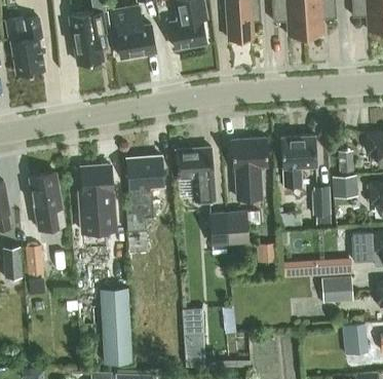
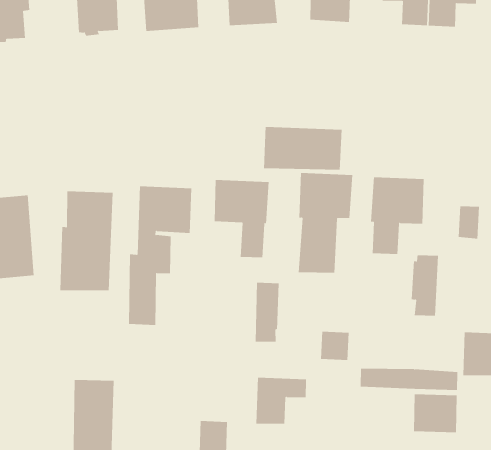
building: none -> [264,126,342,170]
building: [333,175,357,198] -> none
building: [226,212,260,244] -> [255,377,307,424]

